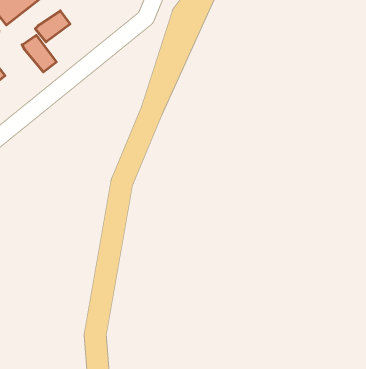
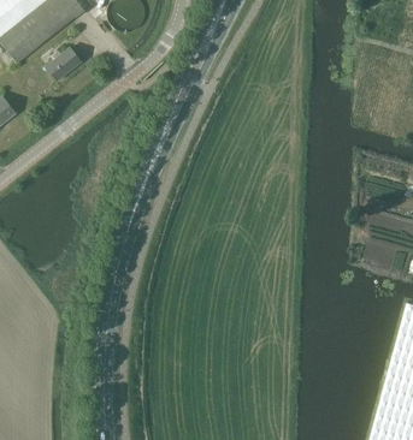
building: [22,35,56,72] -> none

